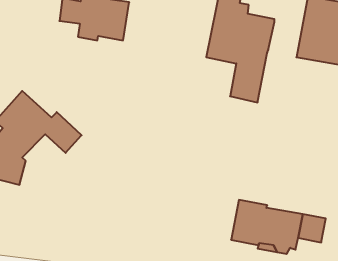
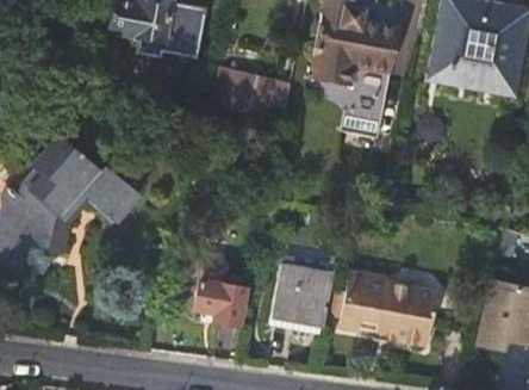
building: none -> [209,67,290,116]
building: none -> [270,261,335,338]
building: none -> [192,278,249,324]

